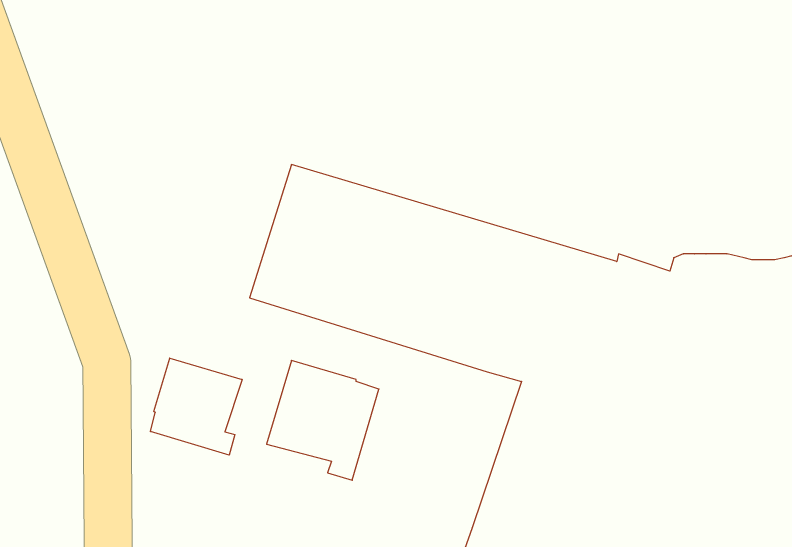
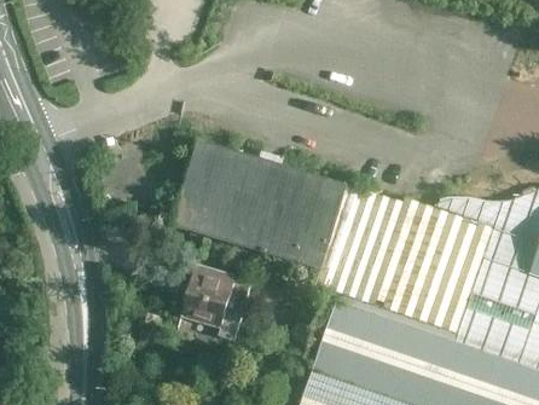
building: [150,358,242,455] -> none

